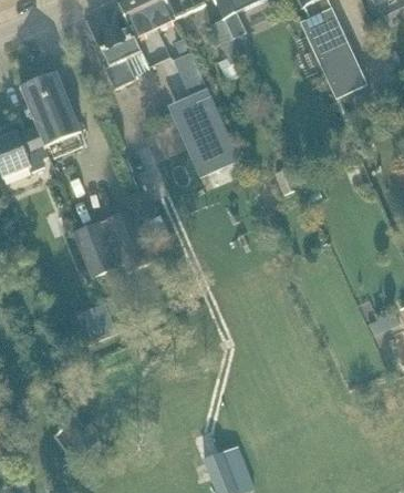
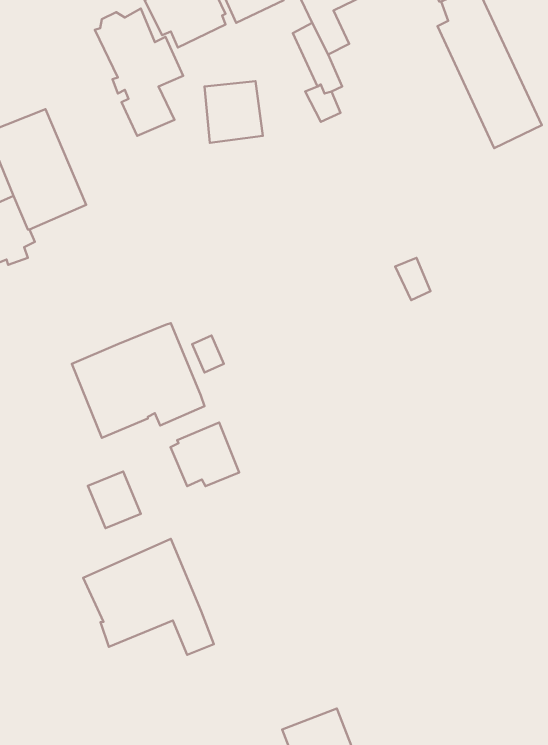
building: [177,89,238,171] -> none
building: none -> [170,423,239,486]
building: none -> [83,539,214,655]

